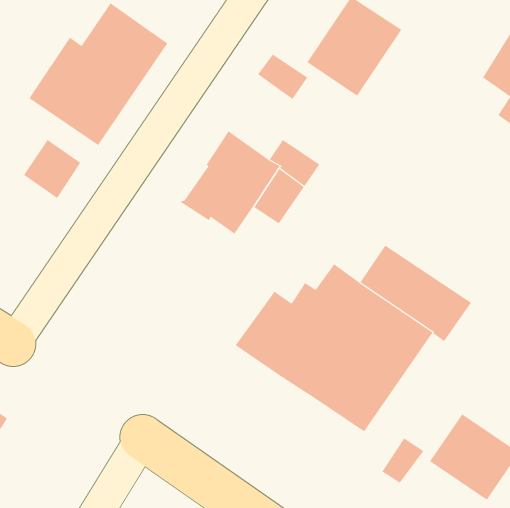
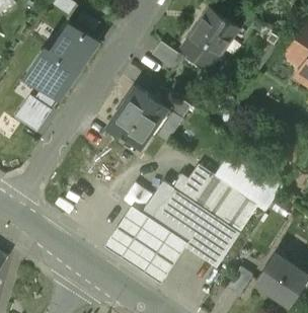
building: none -> [108,209,186,281]

